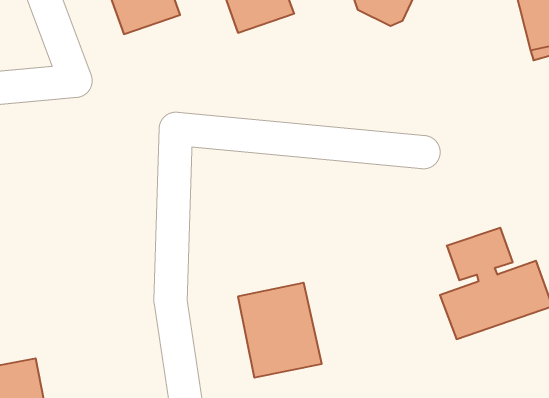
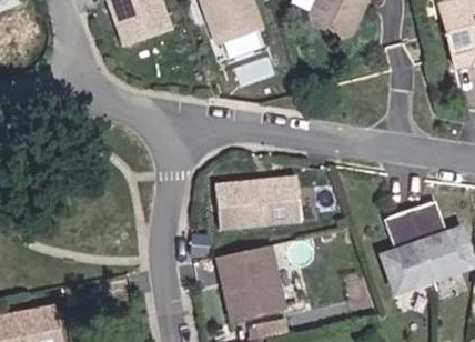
building: none -> [213,177,300,231]

